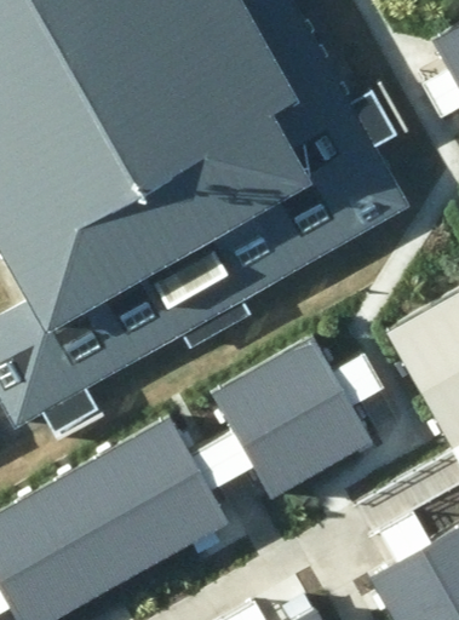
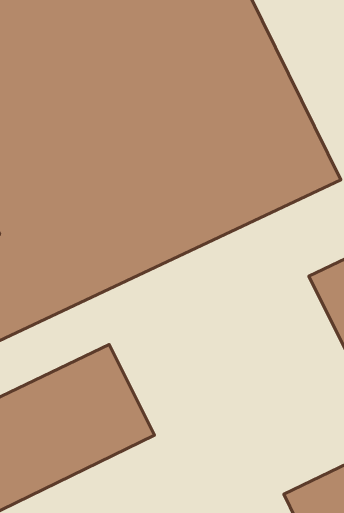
building: [212,334,368,492] -> none

